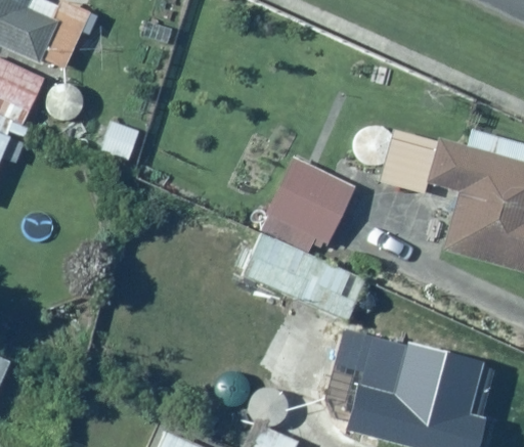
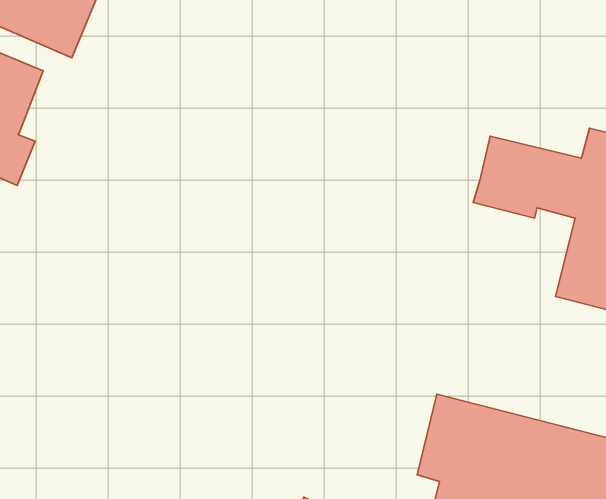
building: [239,158,369,324] -> none

